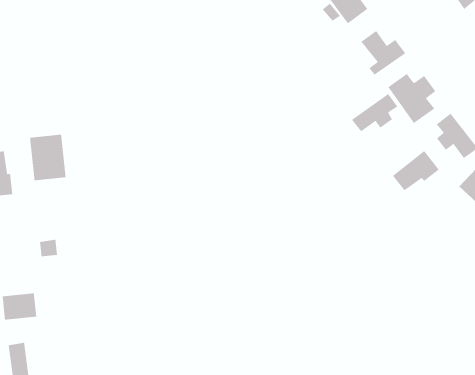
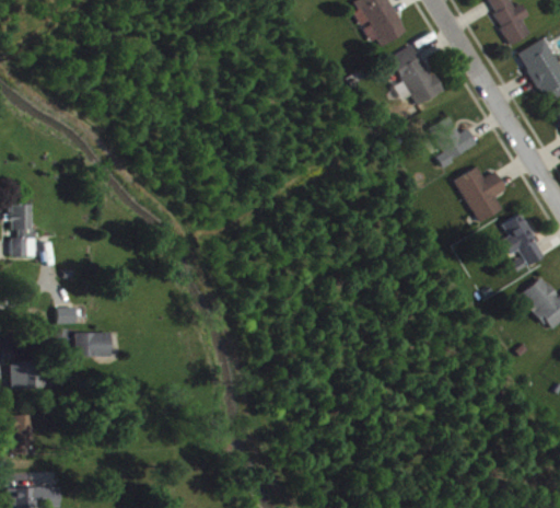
building: [351,93,398,132] -> none
building: [29,134,66,181] -> none
building: [392,150,439,191] -> none
building: none -> [77,332,112,358]

